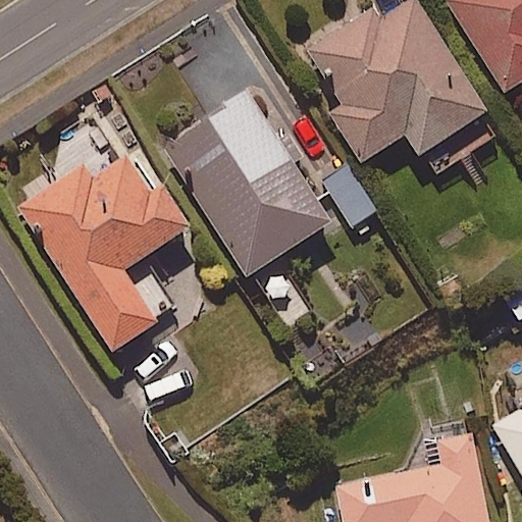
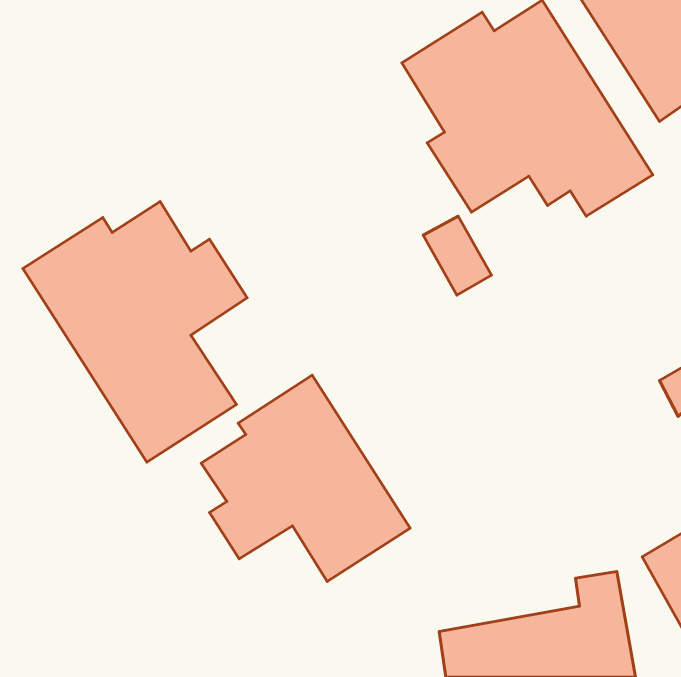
building: [163,91,330,276] -> none
building: none -> [201,375,410,581]

